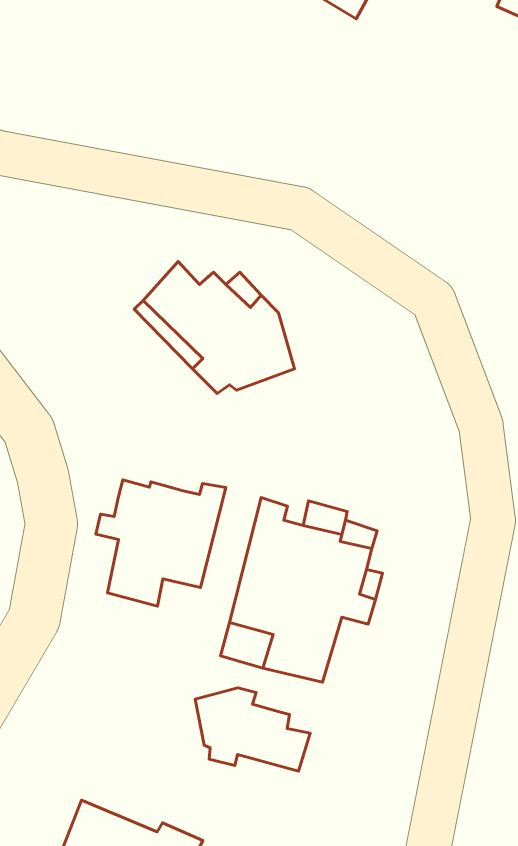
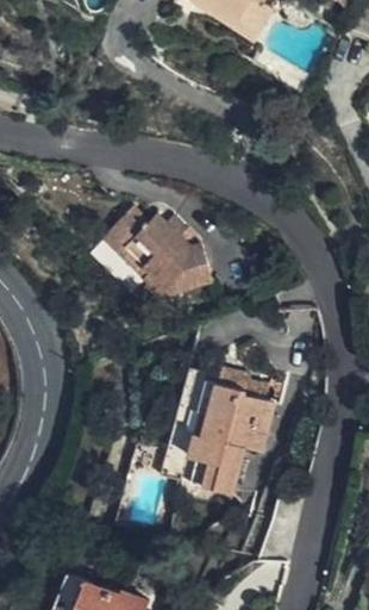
building: [96,480,226,606] -> none
building: [195,688,310,771] -> none

